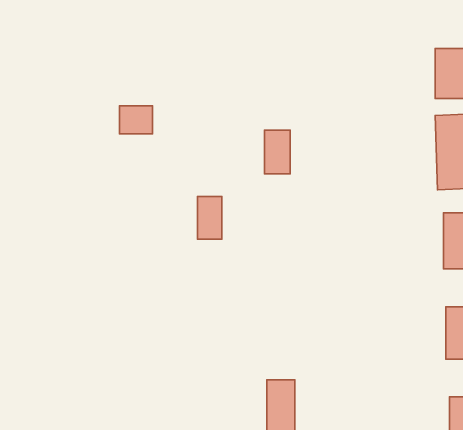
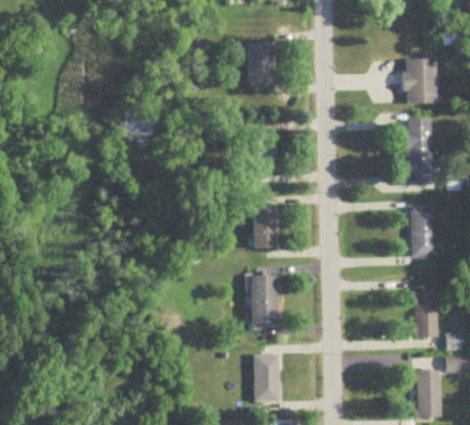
building: none -> [249,42,272,84]
building: [198,197,222,239] -> [254,209,276,247]
building: none -> [251,275,278,327]

